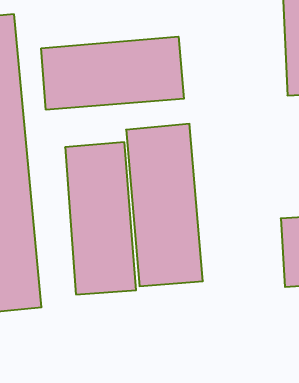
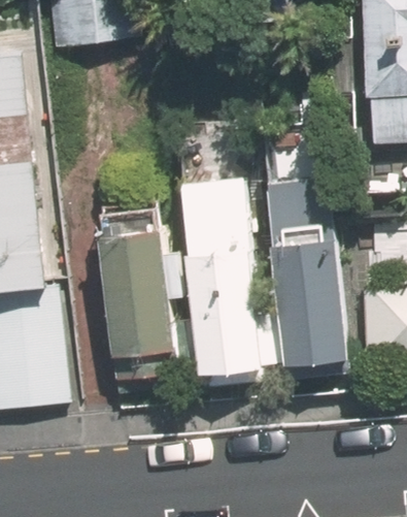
building: [41,37,184,110] -> none
building: none -> [272,173,357,367]

